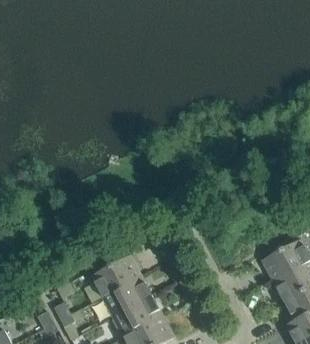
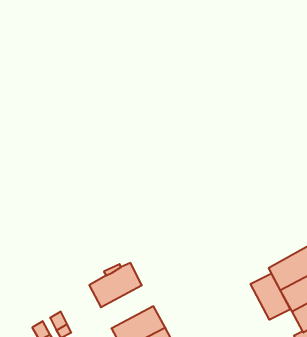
building: none -> [251,273,290,320]
building: [102,276,152,317] -> none

